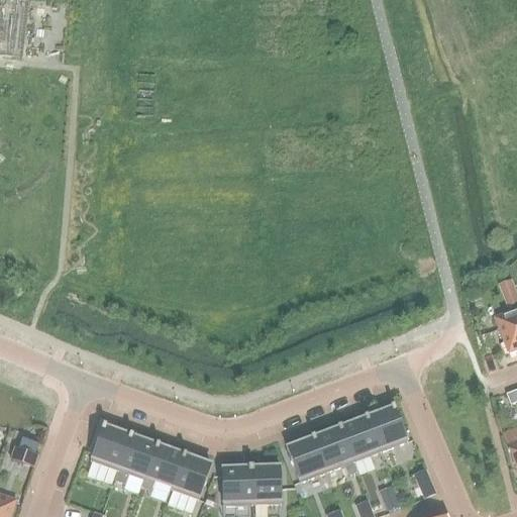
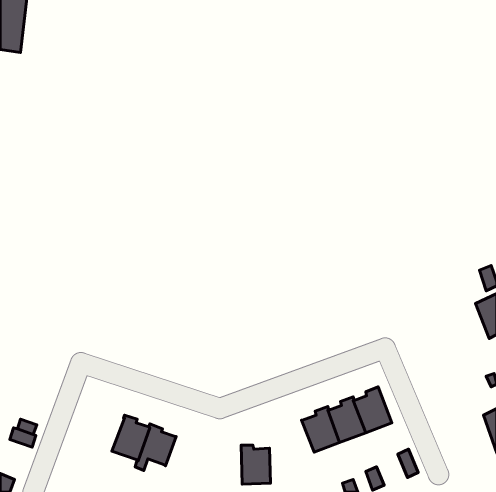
building: [90,421,130,469] -> none
building: [287,432,327,481] -> none
building: [171,450,211,498] -> none
building: [222,462,252,504] -> none

